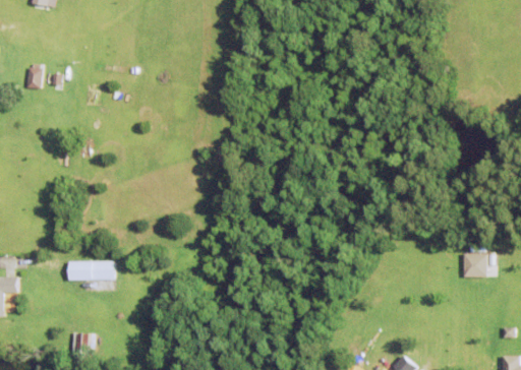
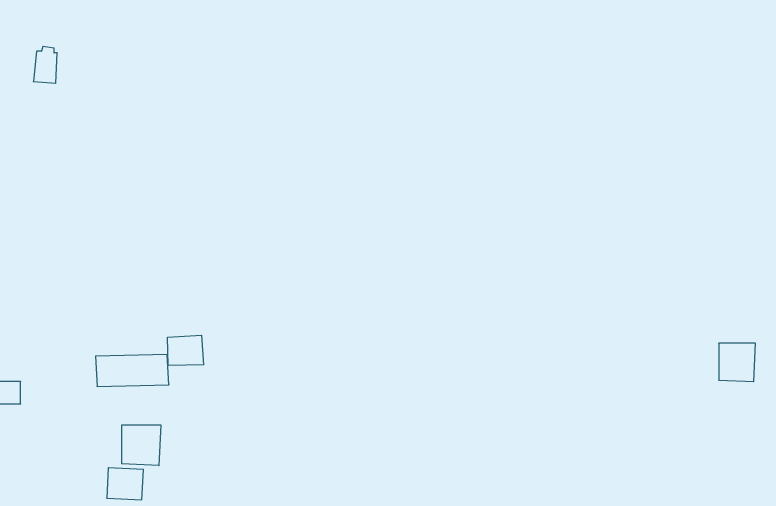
building: none -> [168,335,204,366]
building: none -> [122,425,161,466]

